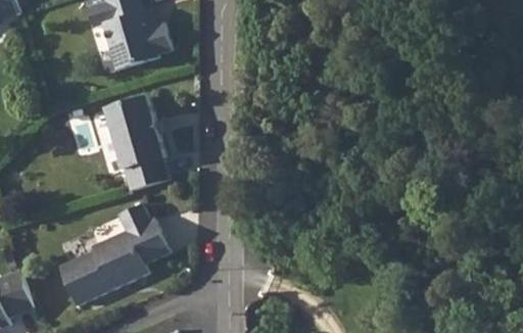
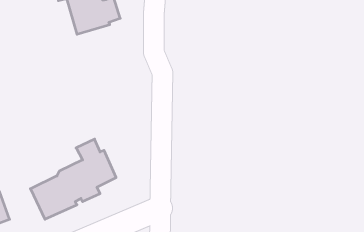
building: [104,97,167,192] -> none

